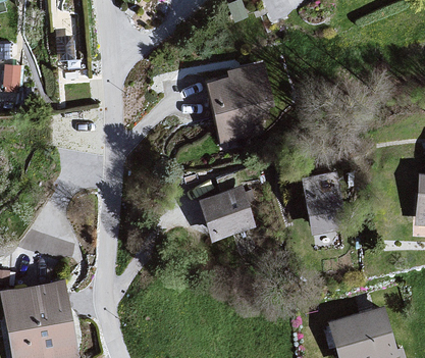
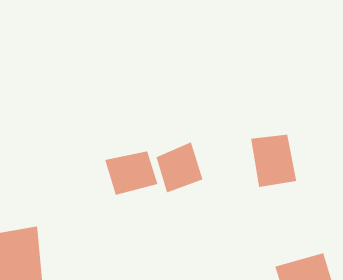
building: [205,66,276,144] -> none
building: none -> [104,150,159,196]

